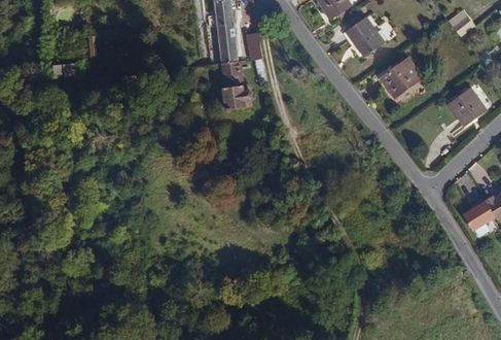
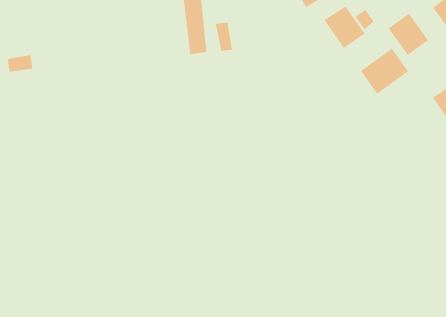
building: none -> [388,13,429,56]
building: [220,61,251,109] -> none

